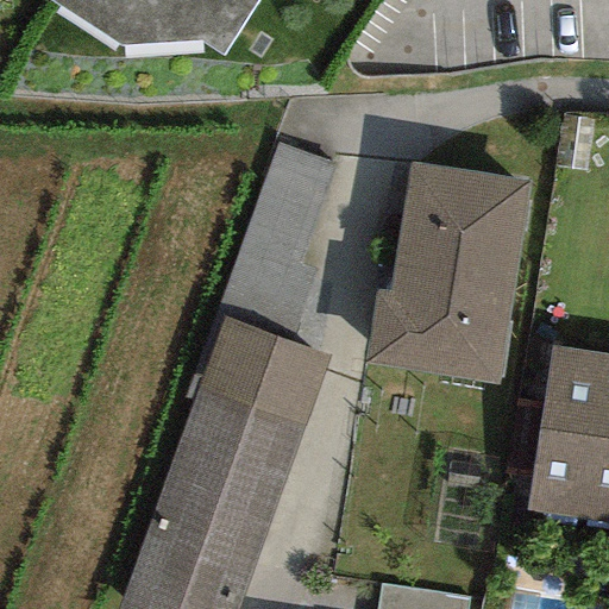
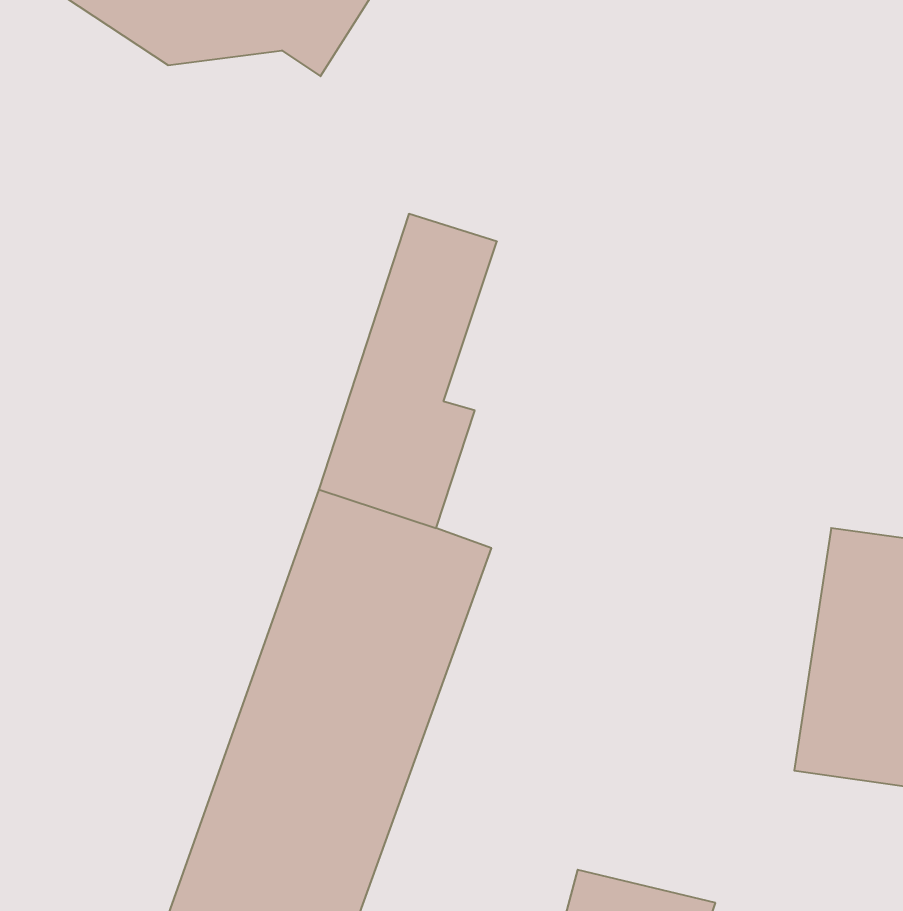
building: [365,165,528,385] -> none

